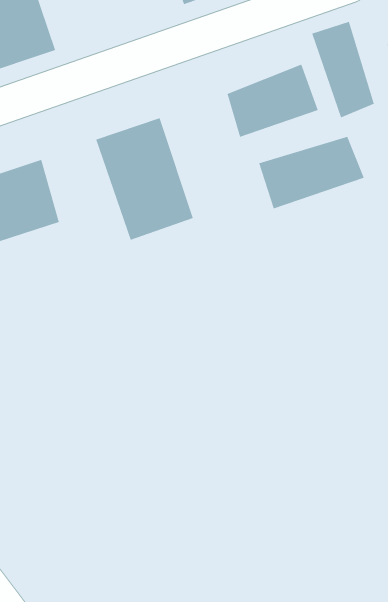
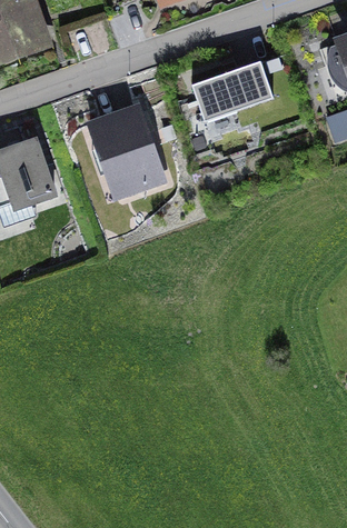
building: [311,21,375,118] -> none
building: [258,136,365,210] -> none

